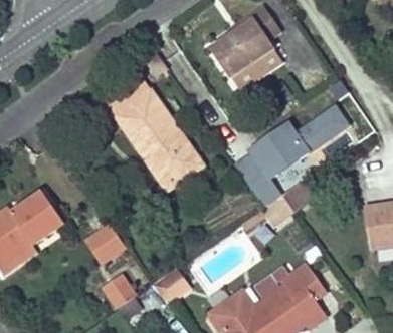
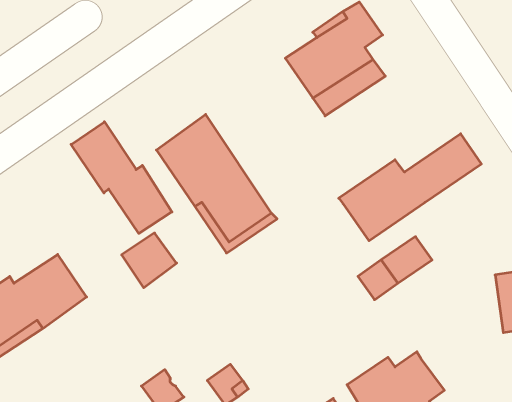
building: none -> [71,122,172,233]
building: [235,153,280,207] -> none
building: [84,222,125,262] -> [122,233,177,288]

